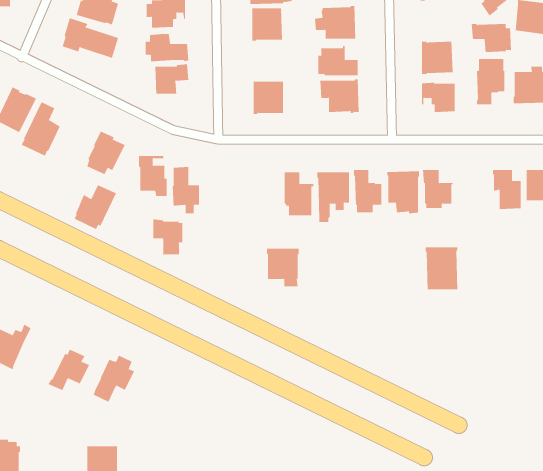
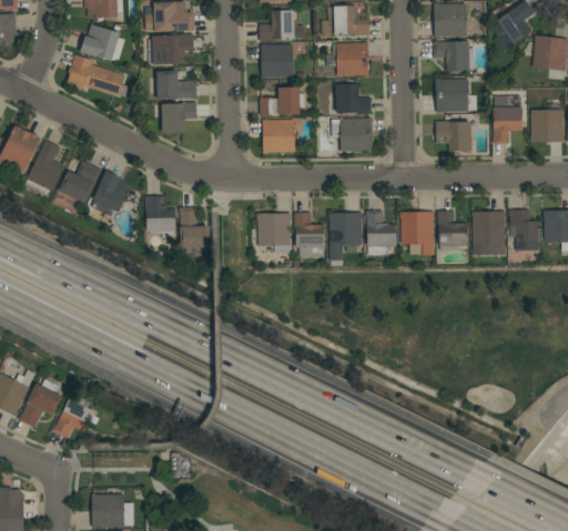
building: [471,23,512,53] -> [433,40,475,70]
building: none -> [260,86,306,114]
building: [74,184,117,230] -> [58,160,102,206]
building: [153,218,183,256] -> none
building: [425,247,458,290] -> [471,211,506,255]
building: [266,248,300,287] -> [257,213,292,253]
building: [93,355,135,402] -> [19,378,62,427]

